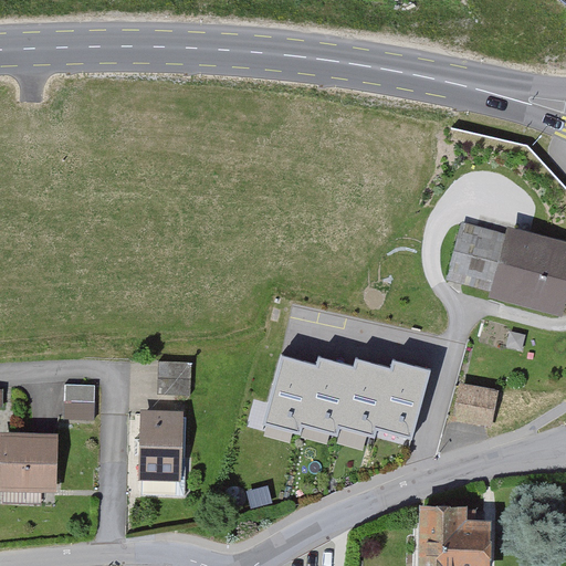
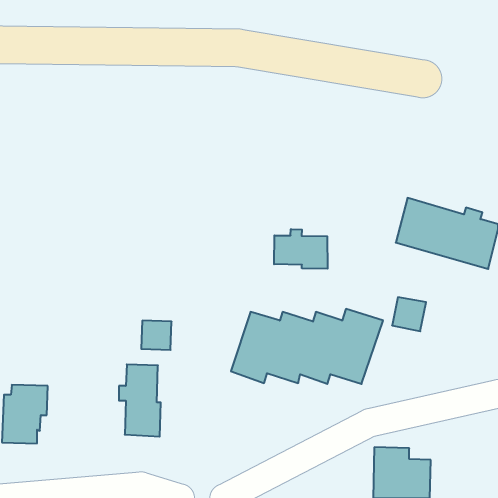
building: none -> [274,229,328,269]
building: [63,384,95,419] -> none
building: [457,386,495,424] -> [392,297,426,331]

